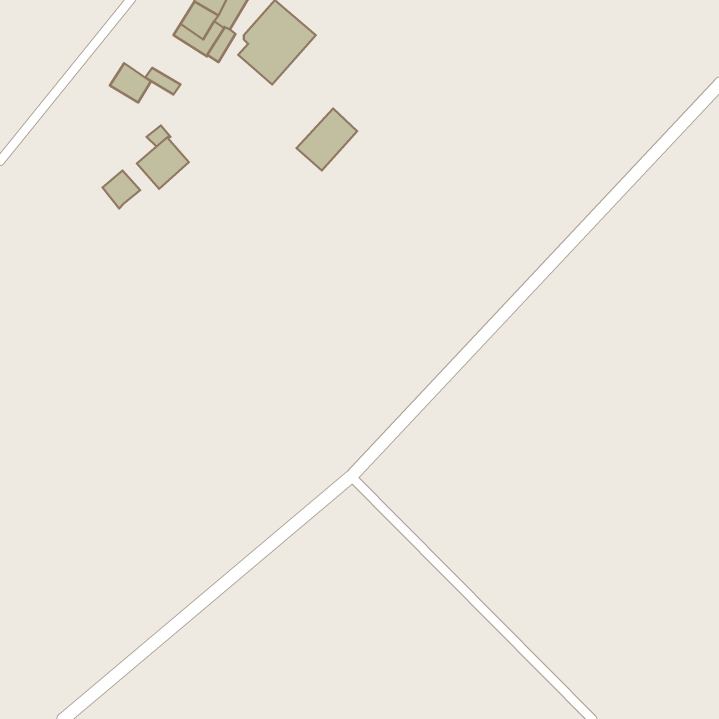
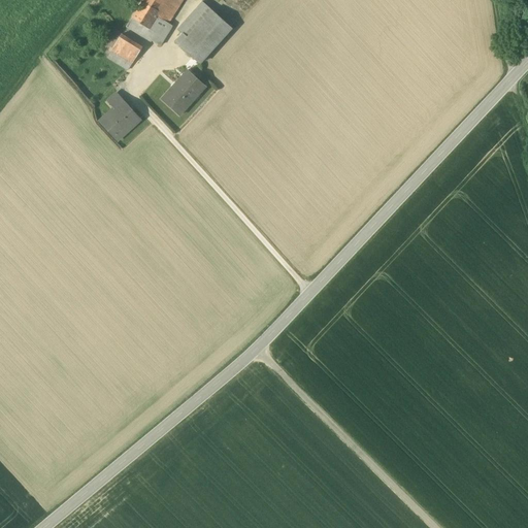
building: [110,63,151,103] -> [112,33,142,62]
building: [296,109,357,171] -> [162,69,206,114]
building: [102,171,140,208] -> none

